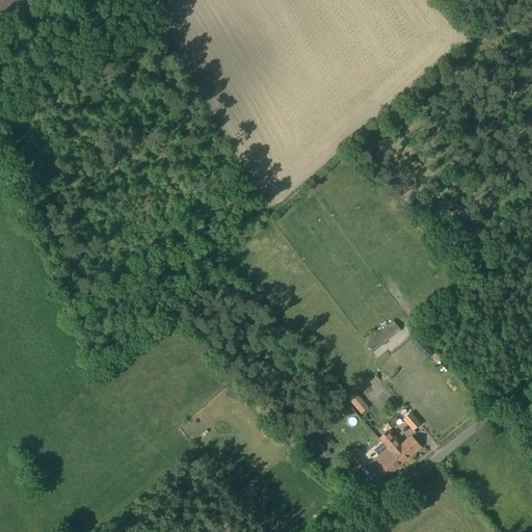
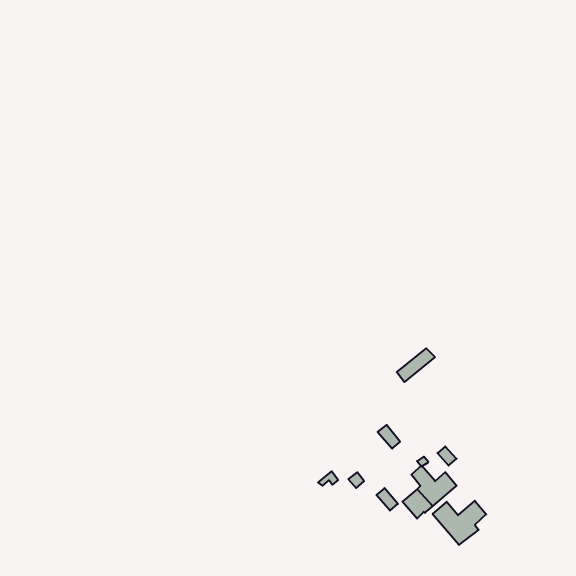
building: none -> [433,501,486,545]

